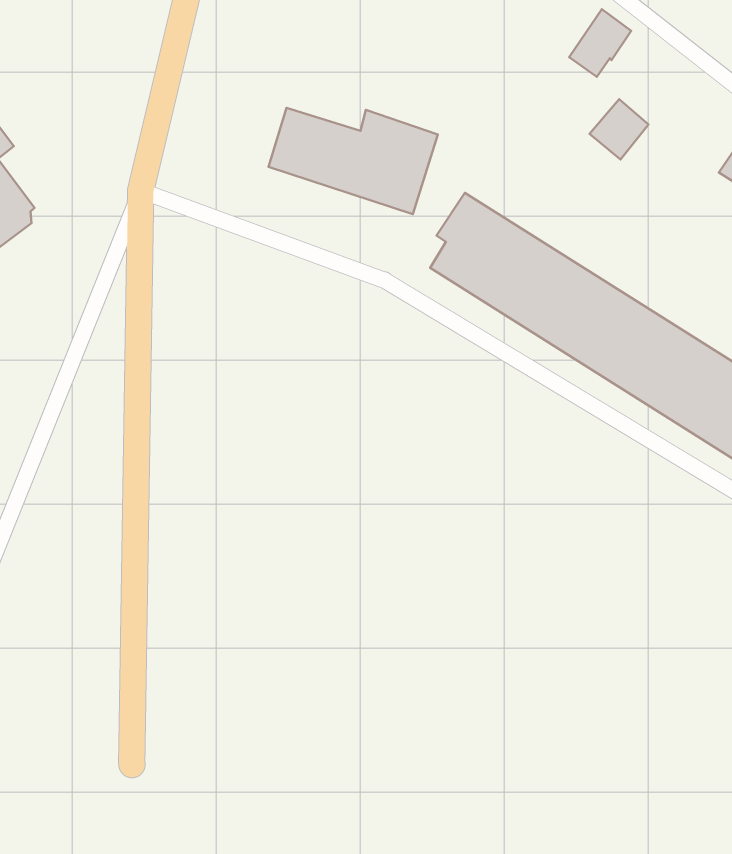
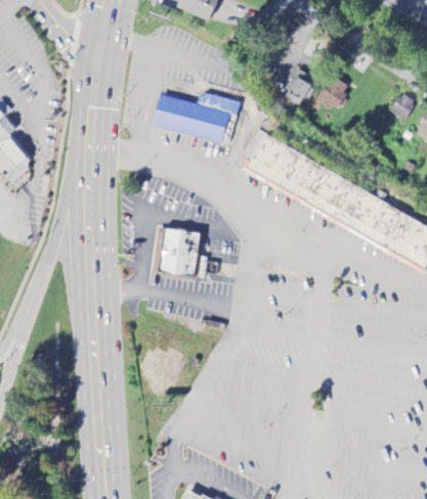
building: [569,9,631,77] -> [284,69,315,104]
building: none -> [158,227,207,277]

